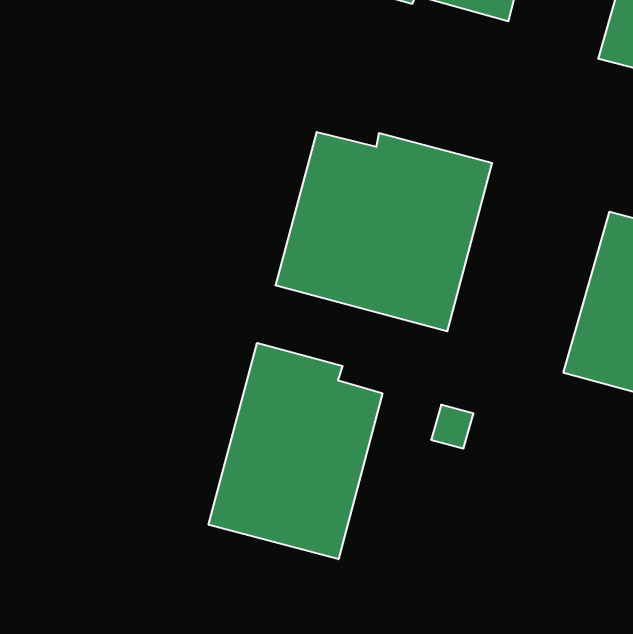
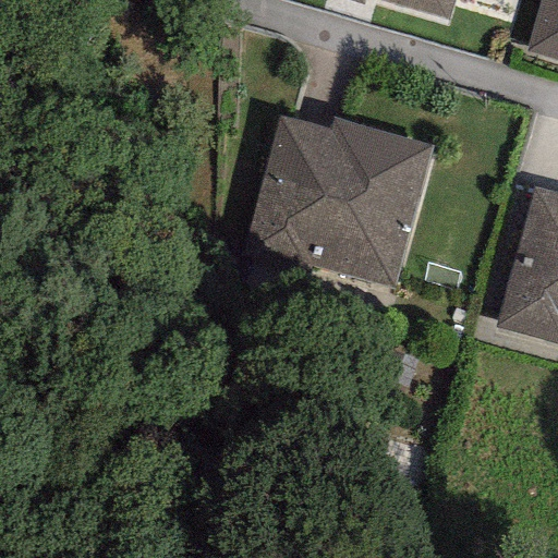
building: [209,343,382,559] -> none

